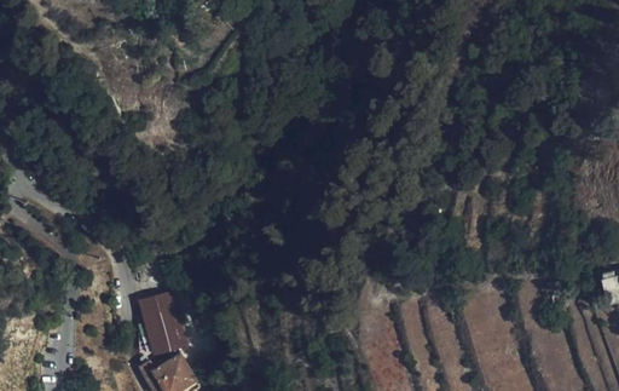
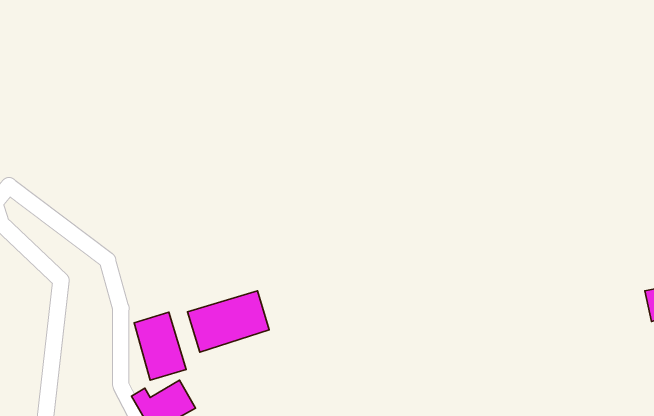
building: none -> [187,291,269,352]

